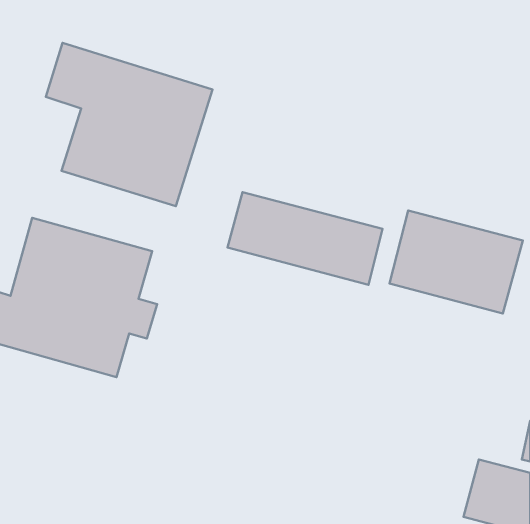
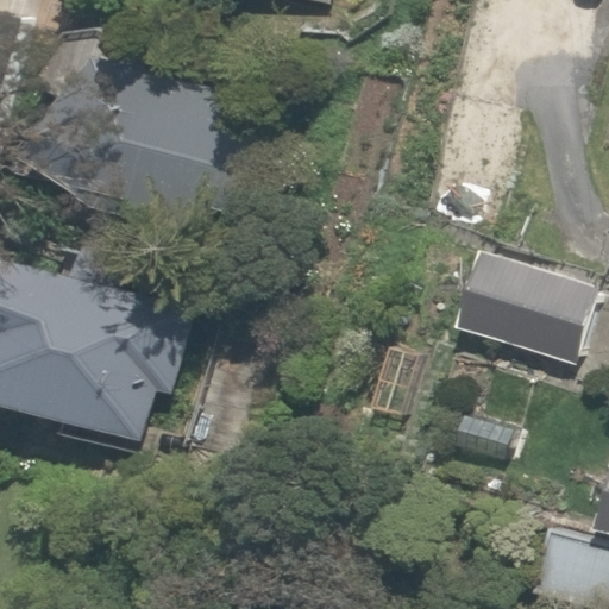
building: [227,192,383,285] -> none

